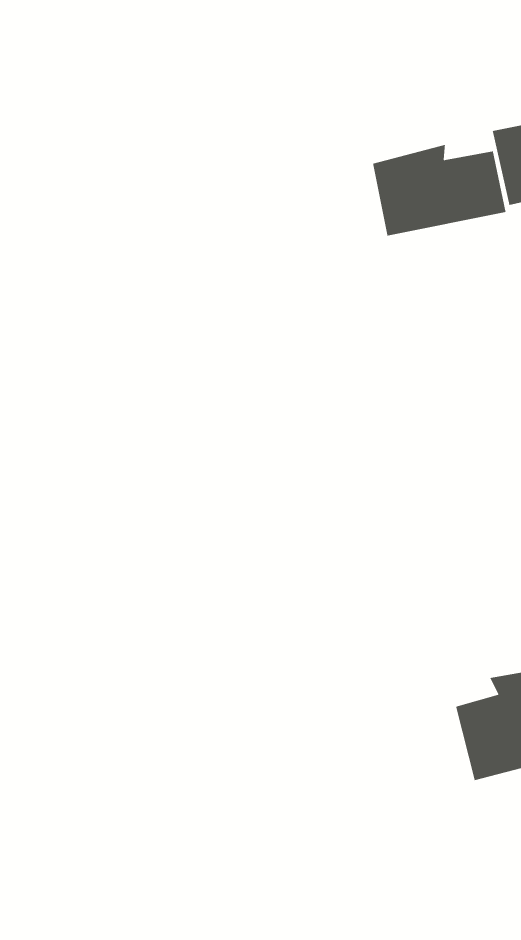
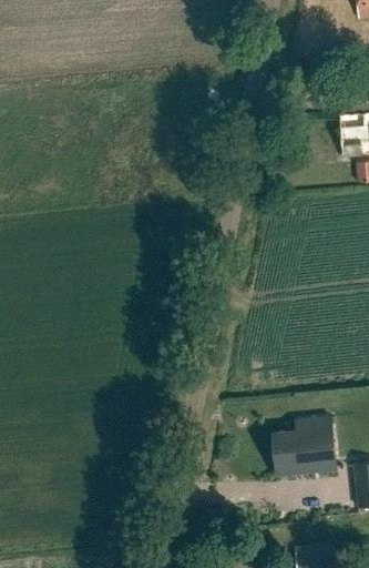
building: [372,144,507,236] -> none

